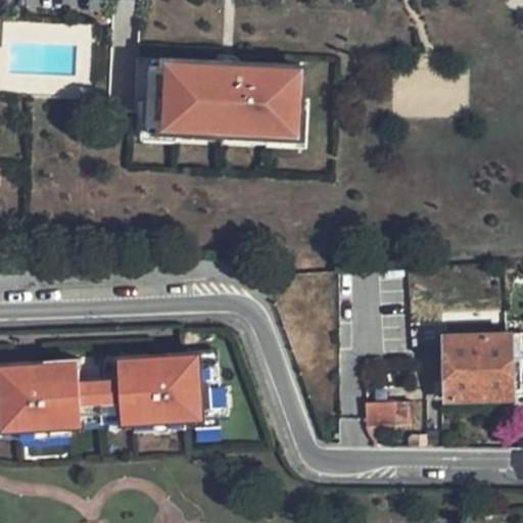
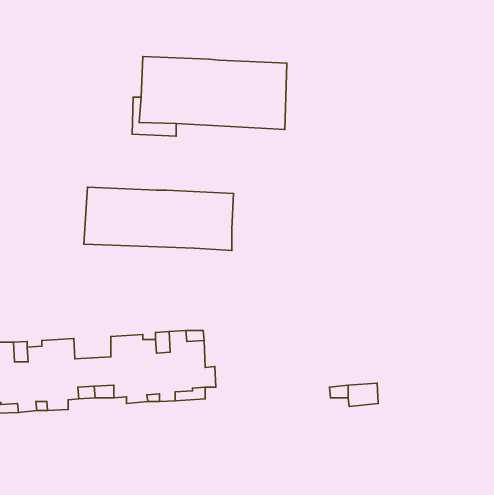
building: none -> [84,187,234,251]
building: [443,332,511,400] -> none

